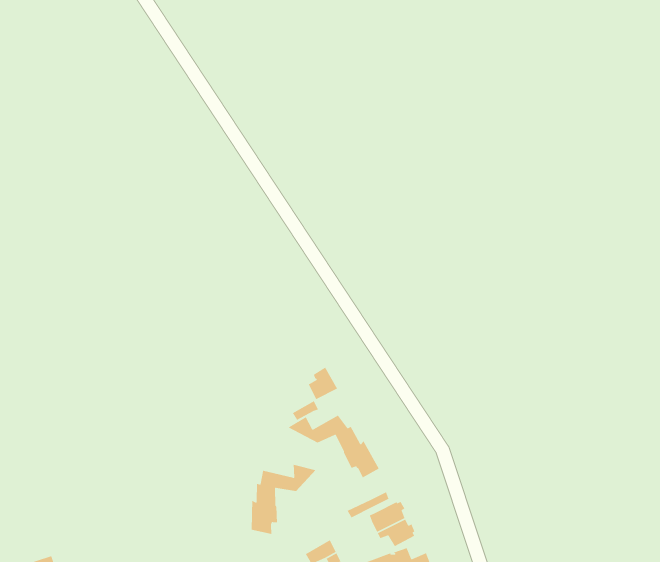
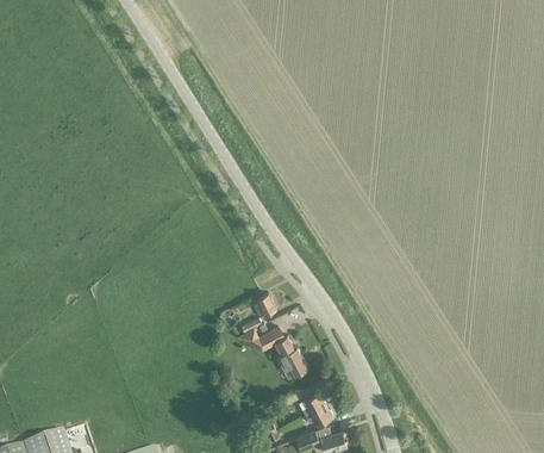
building: [251,464,316,535] -> none

